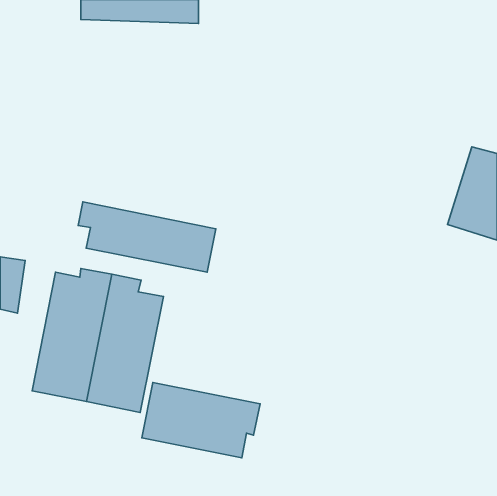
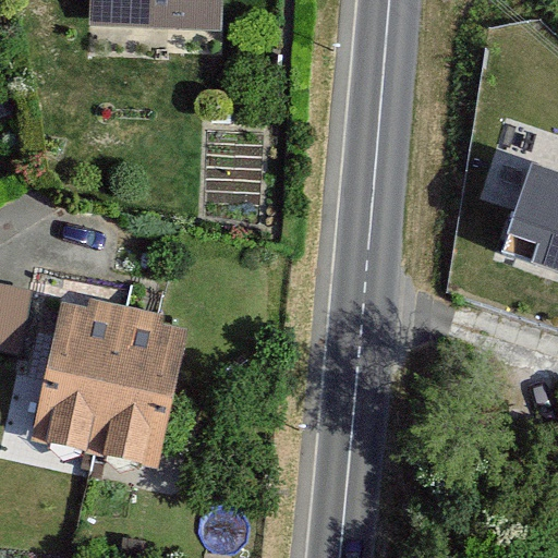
building: [78,202,216,272] -> none
building: [142,382,260,458] -> none

